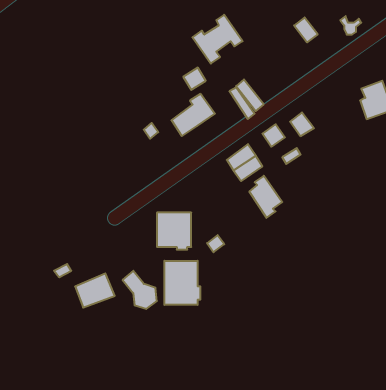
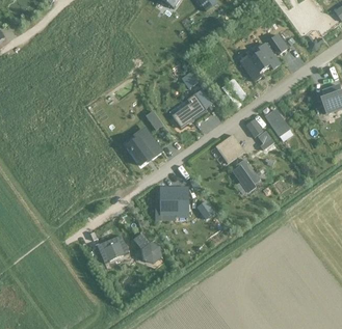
building: [192,15,243,64] -> [239,43,279,81]
building: none -> [126,137,160,164]
building: [164,261,200,305] -> none

